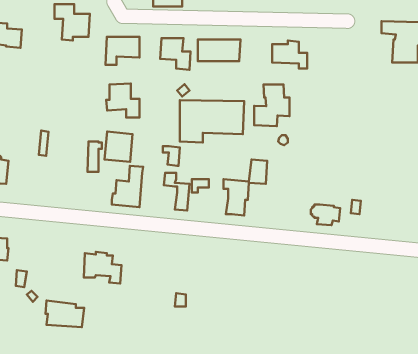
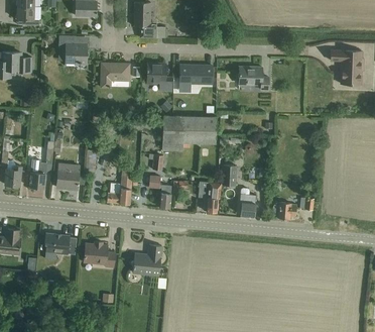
building: [106,83,140,118] -> none
building: [254,84,289,126] -> none
building: [105,132,133,162] -> [55,163,79,189]
building: none -> [29,159,45,188]
building: none -> [238,188,255,215]
building: none -> [130,244,160,273]
building: [45,301,84,327] -> [43,232,76,254]

